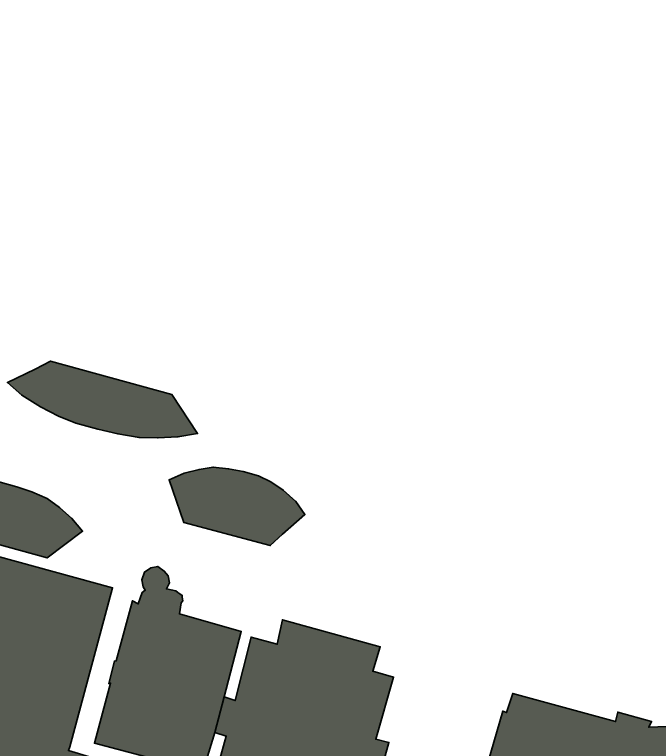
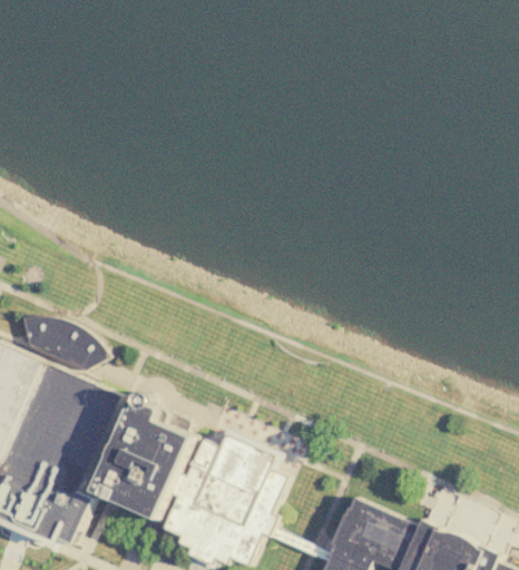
building: [8,361,197,438] -> none
building: [169,467,305,545] -> none

